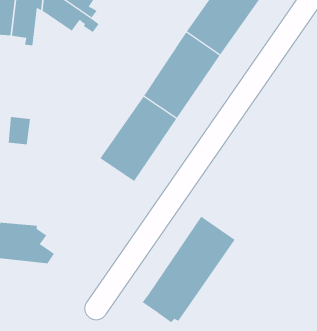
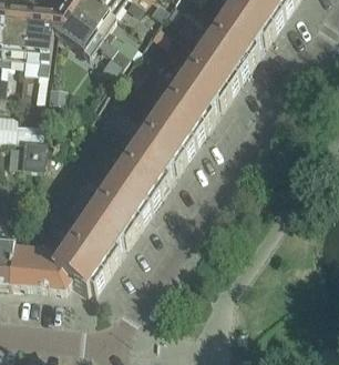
building: [142,216,236,323] -> [49,176,144,285]

